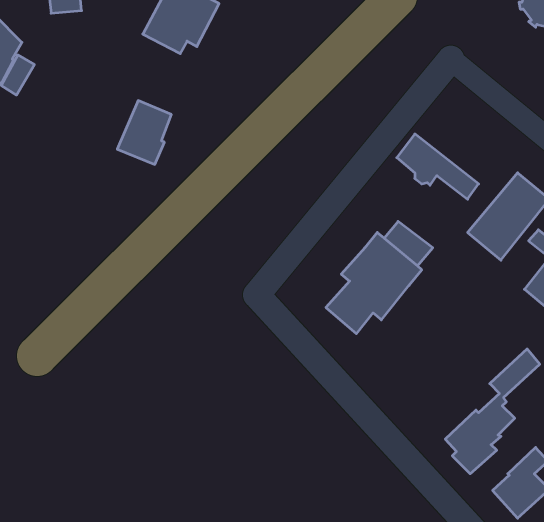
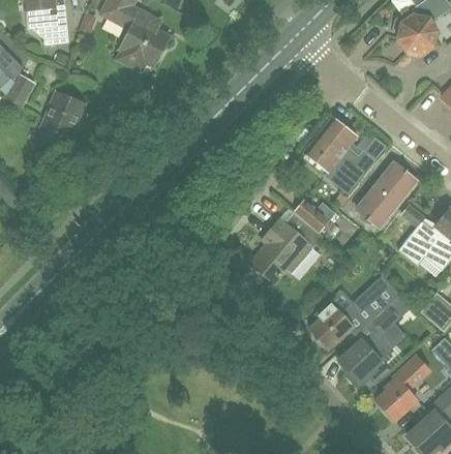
building: [117,101,171,164] -> [42,91,83,139]
building: none -> [317,116,373,171]
building: none -> [309,273,400,347]

